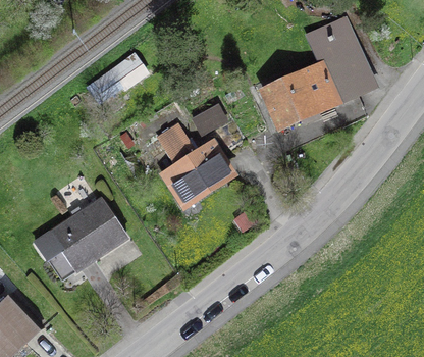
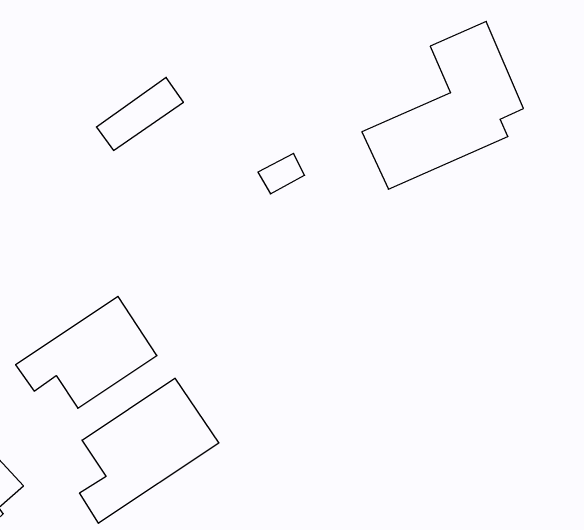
building: [157,124,229,204] -> none
building: none -> [80,378,219,523]

